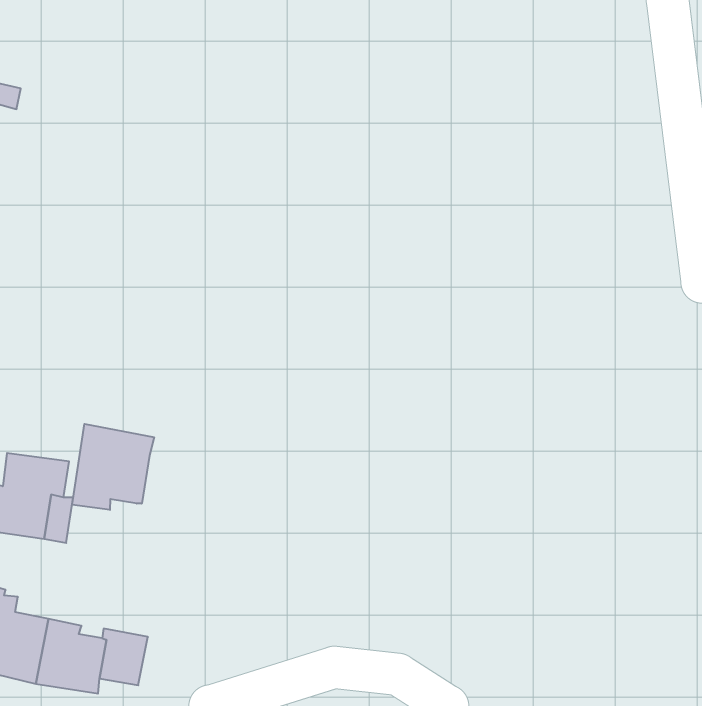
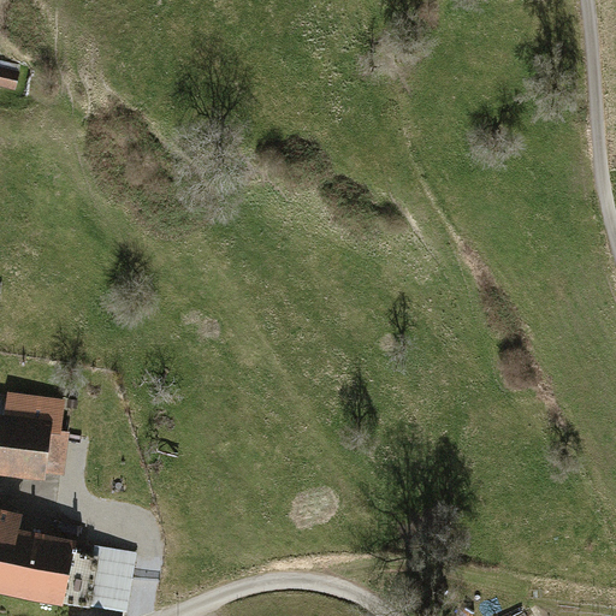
building: [72,424,154,510] -> none

